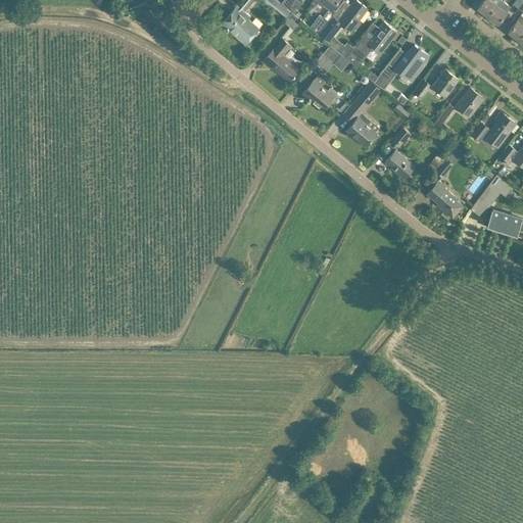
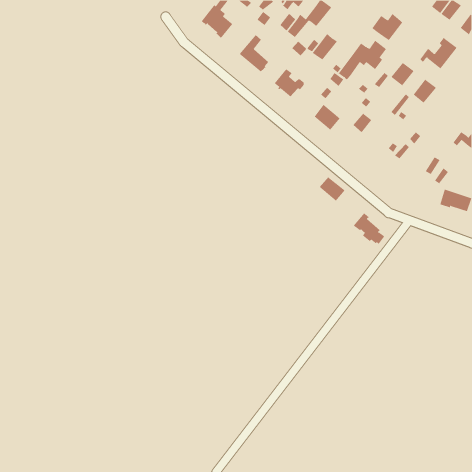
building: [361,21,395,52] -> [372,13,403,41]
building: [473,111,515,147] -> [419,37,457,69]
building: [384,150,414,178] -> [319,177,346,202]
building: [426,180,462,216] -> [353,212,385,245]

